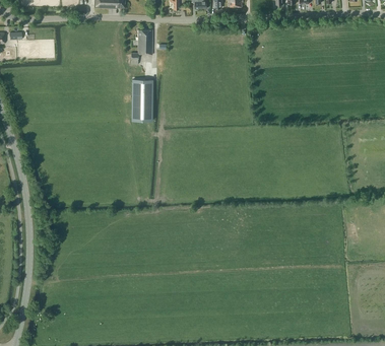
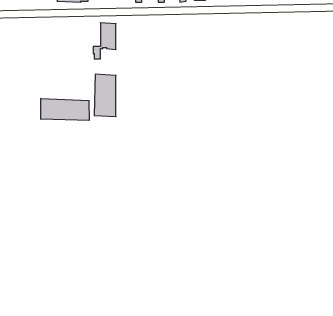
building: none -> [41,98,89,120]

